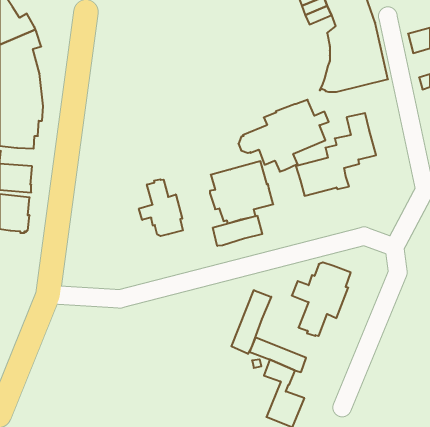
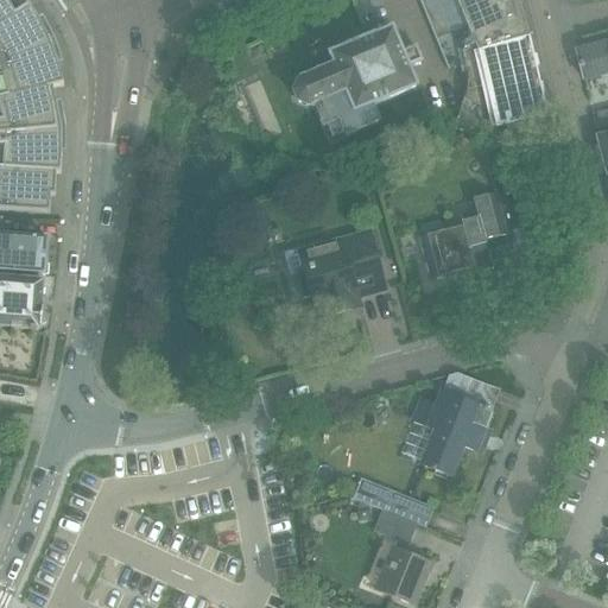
building: [238,100,329,172] -> [293,27,420,128]
building: [139,179,183,236] -> none
building: [213,216,262,246] -> none
building: [231,290,271,354] -> none

